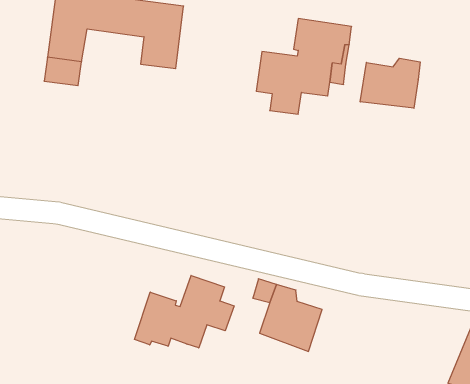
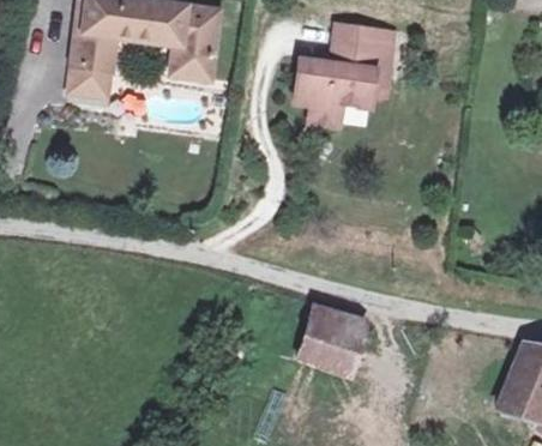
building: [360,58,420,108] -> none
building: [135,275,234,348] -> none

